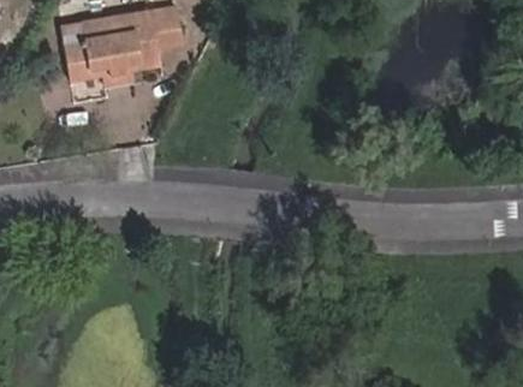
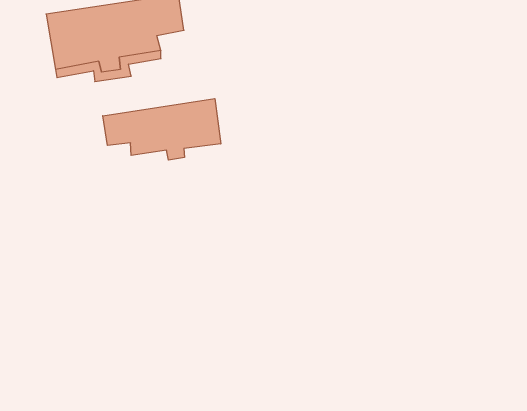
building: none -> [103,99,221,160]

